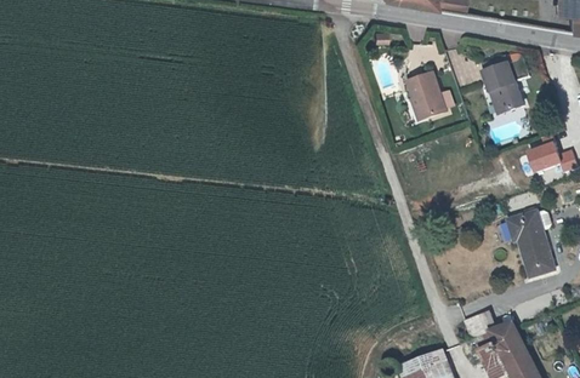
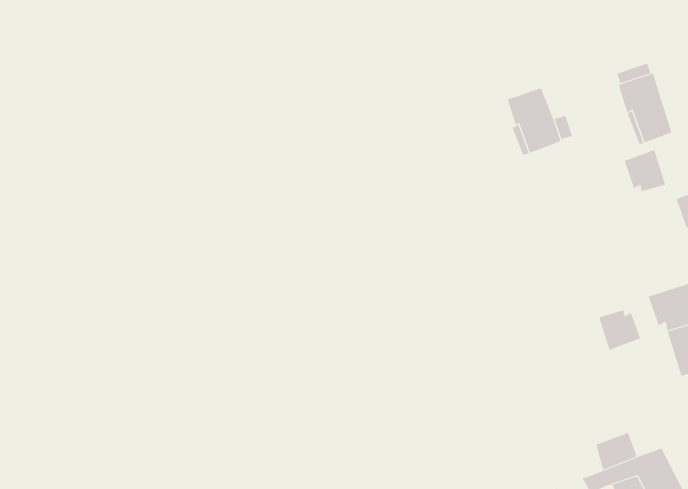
building: none -> [624,149,666,192]
building: none -> [598,309,641,350]

